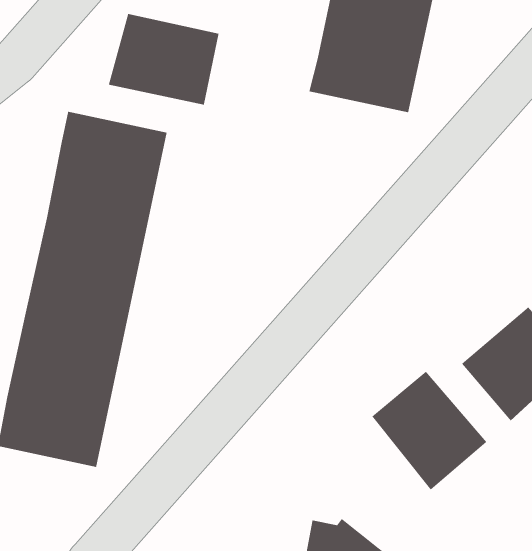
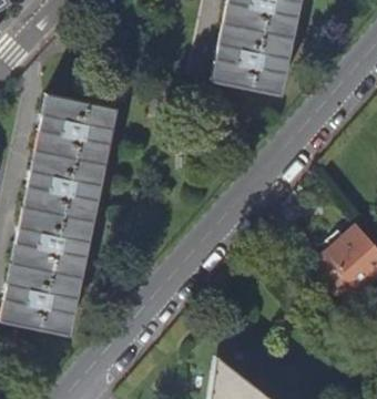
building: [108,13,219,106] -> none
building: [371,371,487,490] -> none

